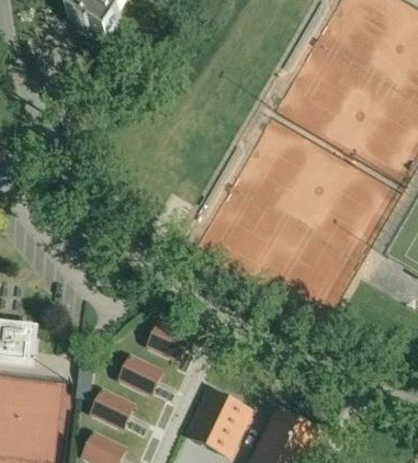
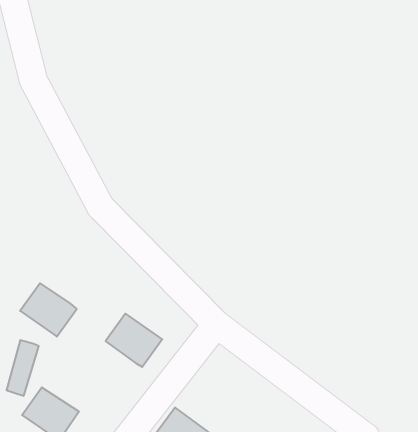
building: [117,354,161,394] -> [20,283,77,337]

